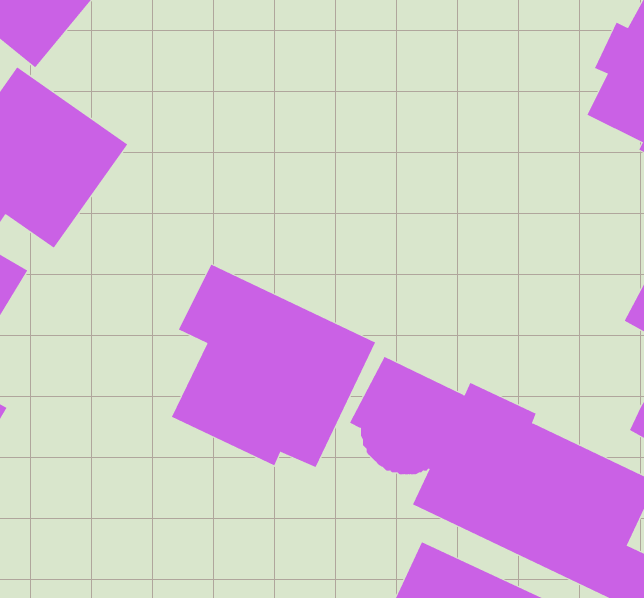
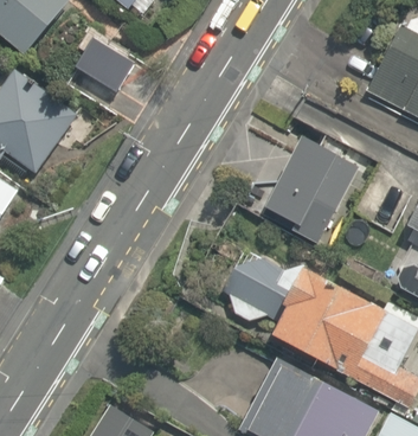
building: none -> [69,33,136,94]
building: none -> [261,140,362,244]
building: [171,264,376,468] -> none

